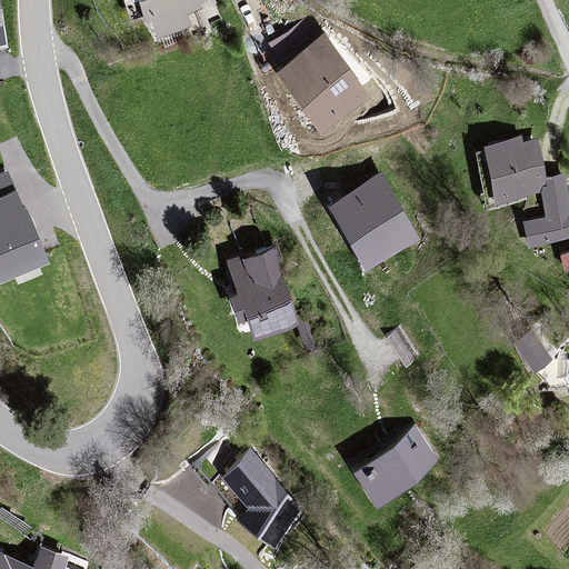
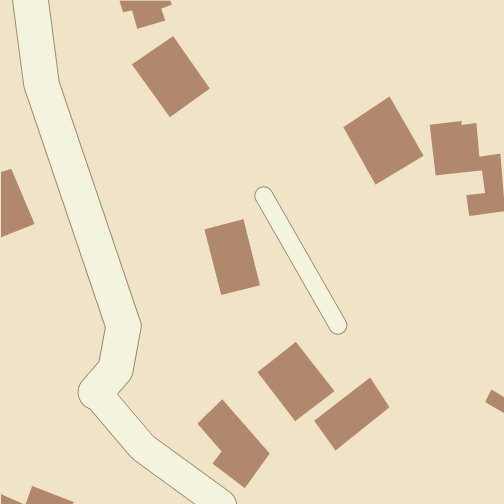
building: [274,33,365,127] -> [131,35,211,118]
building: [330,172,422,273] -> [342,95,425,185]
building: none -> [256,341,335,422]

